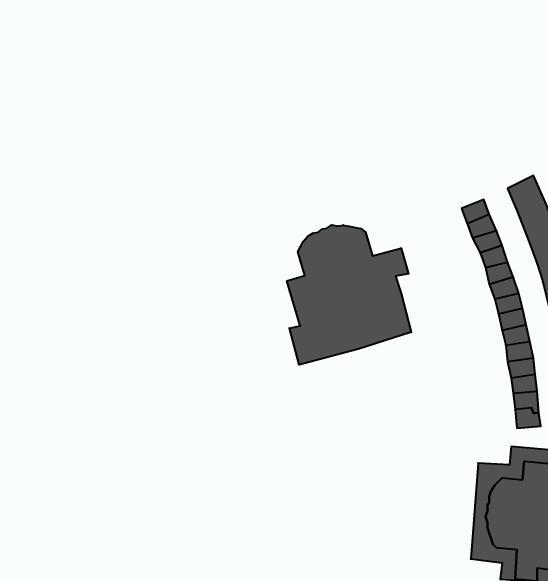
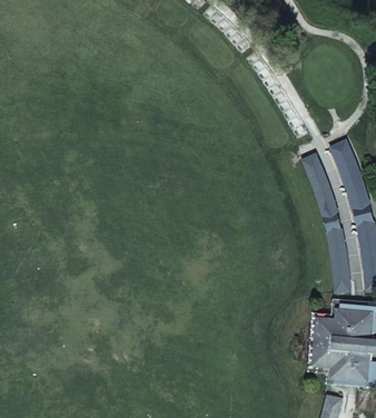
building: [287,225,411,365] -> none

